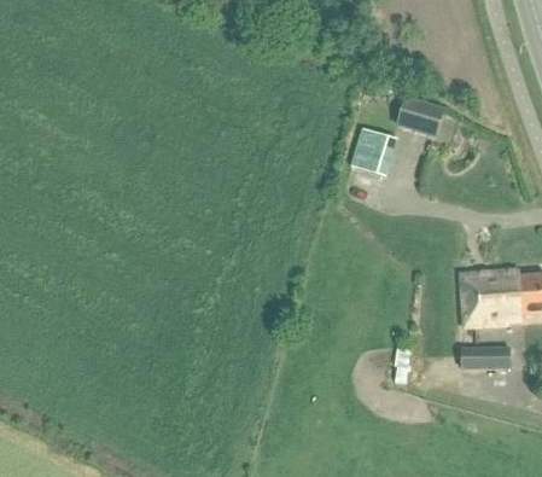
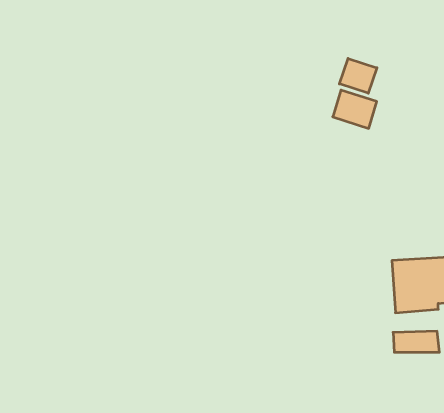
building: none -> [339,58,377,93]
building: [350,126,400,175] -> none

